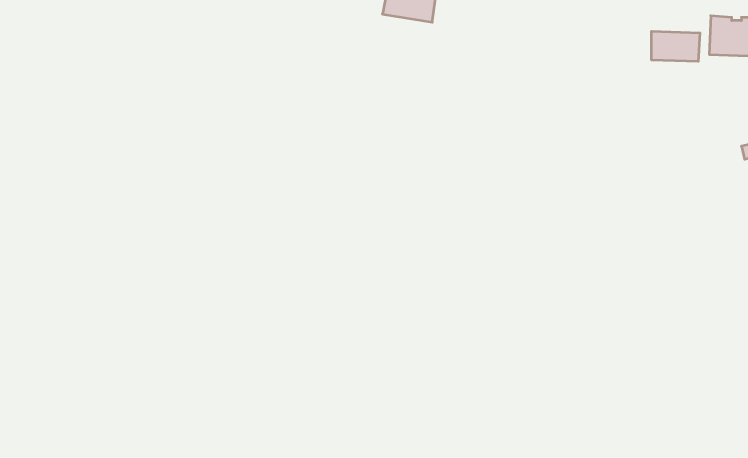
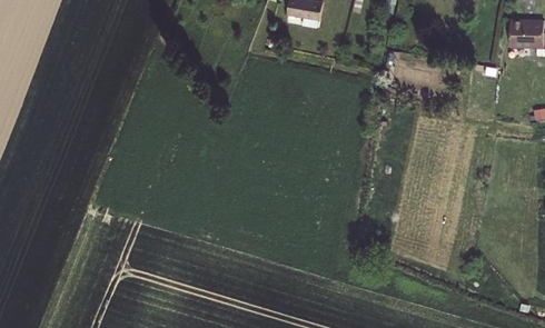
building: [652,31,700,61] -> none

